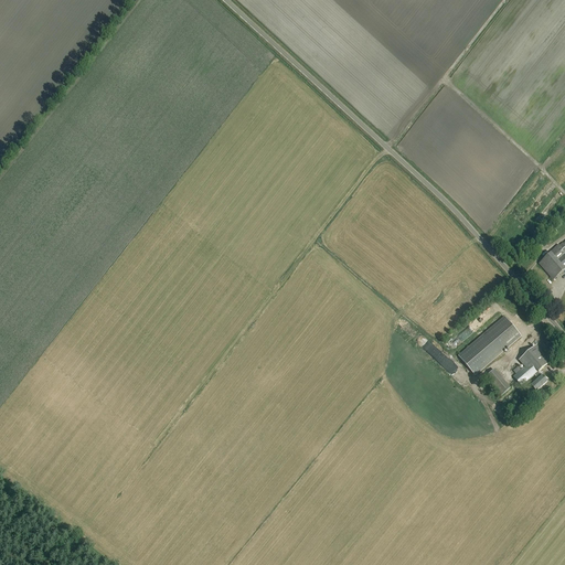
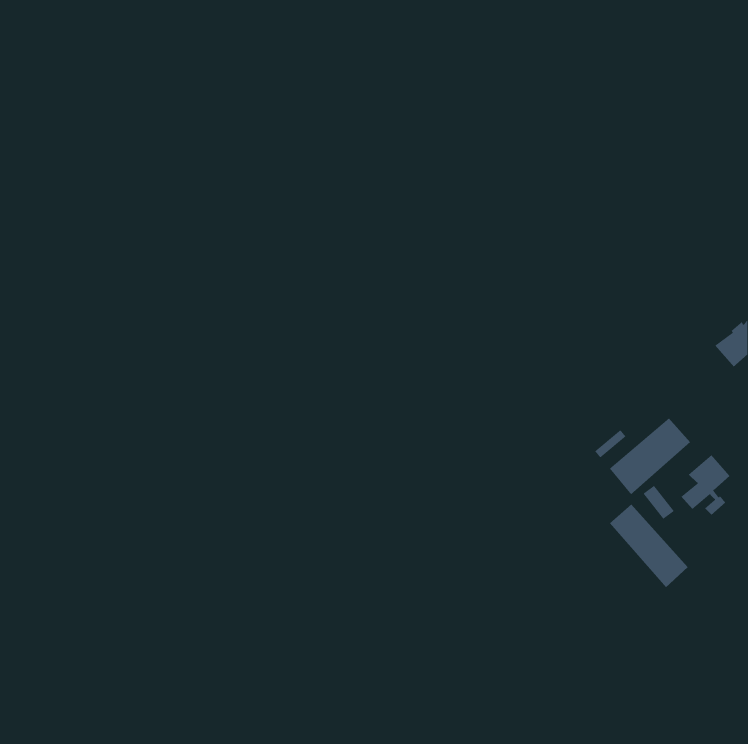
building: none -> [609,503,688,588]

